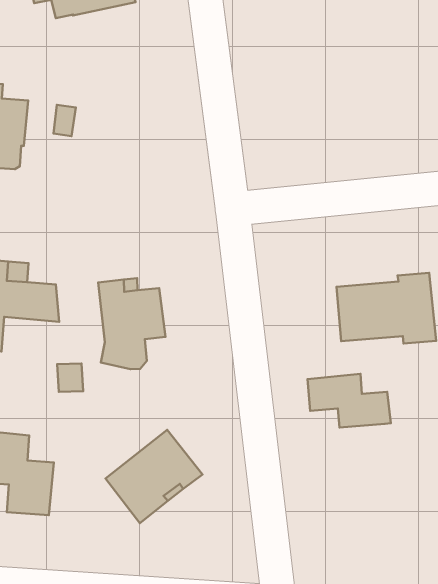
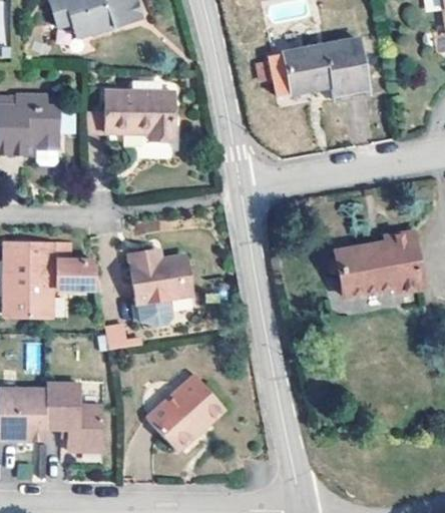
building: none -> [264,33,362,94]
building: none -> [106,92,176,141]
building: [308,374,391,427] -> none

